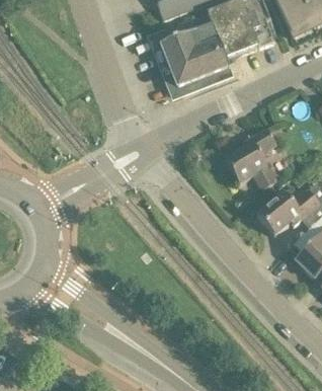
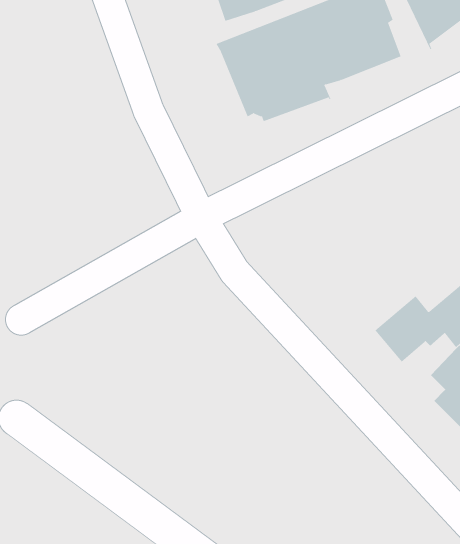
building: [226,129,276,189] -> none

